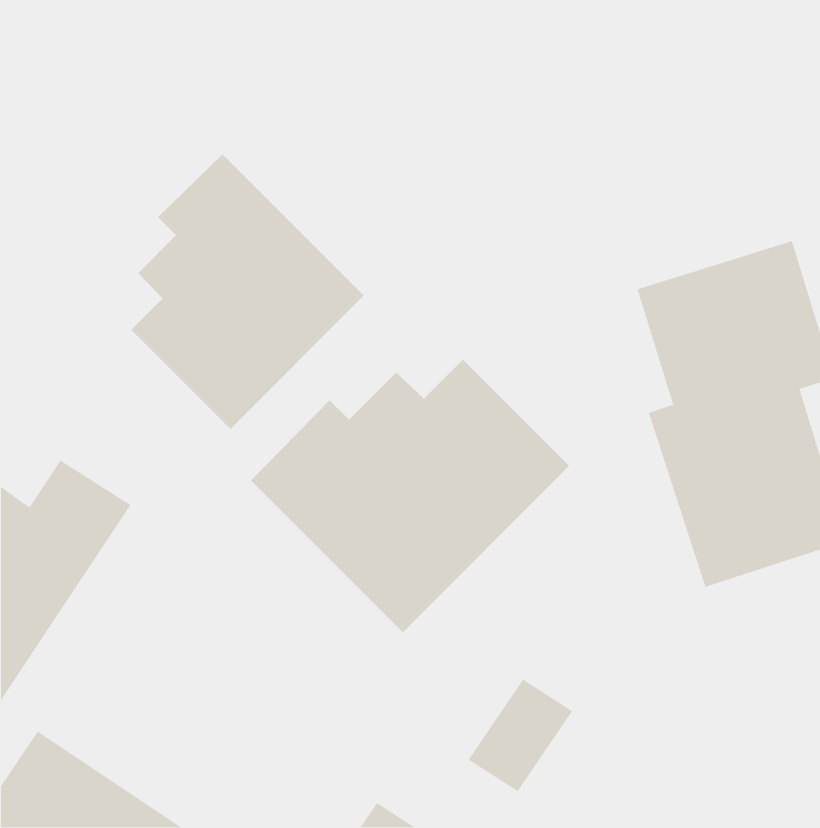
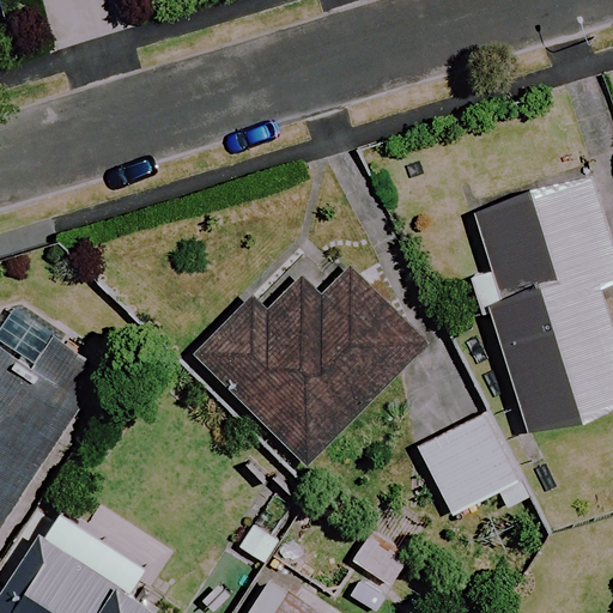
building: [131,154,365,430] -> none
building: none -> [417,412,529,516]

